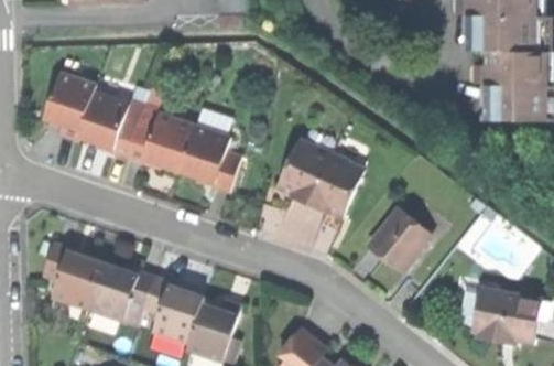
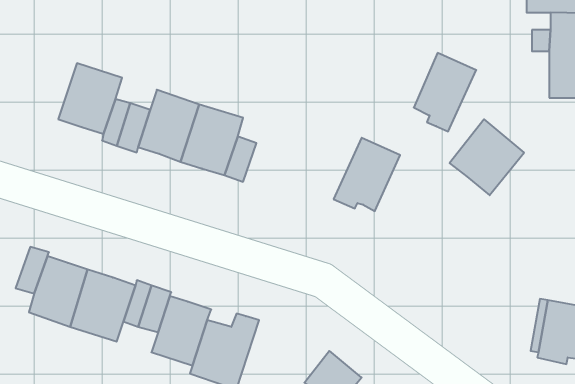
building: [44,73,96,142] -> none
building: [278,138,329,203] -> [414,53,476,131]
building: [367,206,428,269] -> [450,119,524,195]

